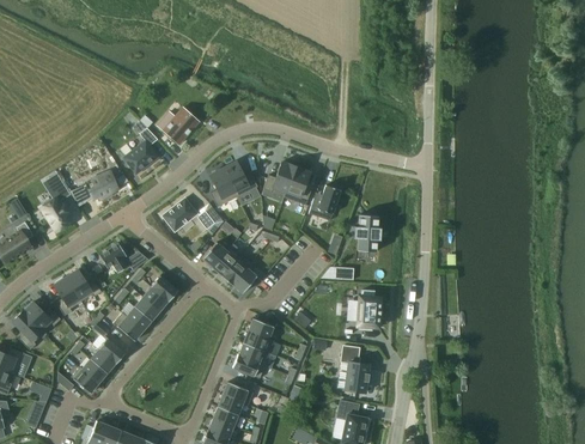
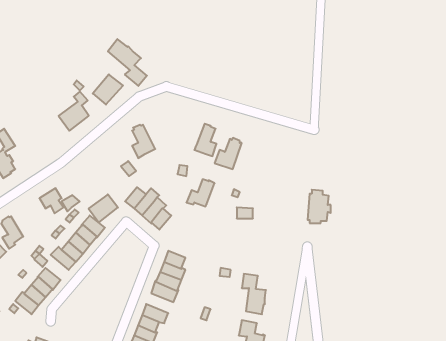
building: none -> [108,39,147,86]
building: [223,162,257,196] -> none
building: [262,162,295,194] -> [186,179,215,206]
building: [85,169,128,201] -> none
building: [162,197,196,231] -> [89,194,118,223]
building: [353,214,380,251] -> none
building: [66,269,100,300] -> none
building: [355,290,383,329] -> [308,190,331,223]

